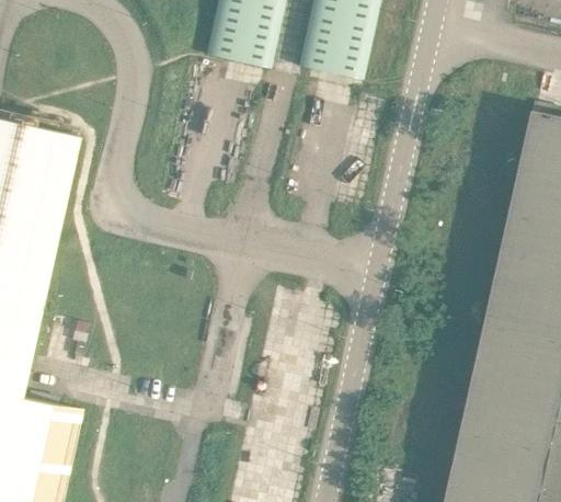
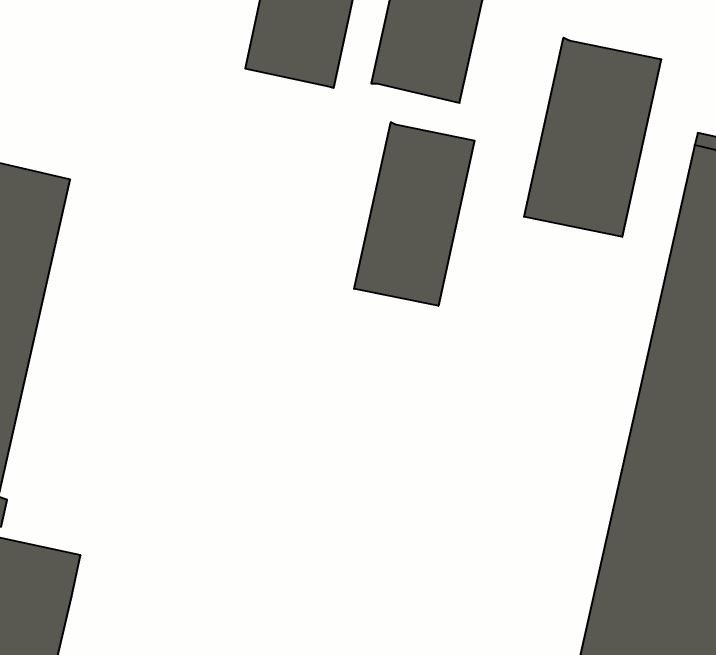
building: none -> [524,38,661,237]
building: none -> [354,122,475,306]

